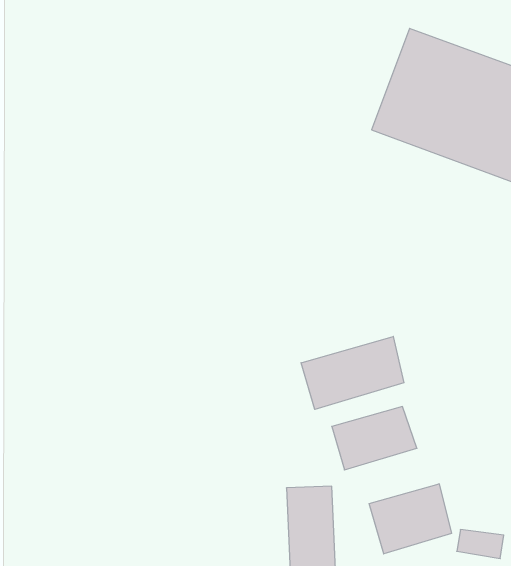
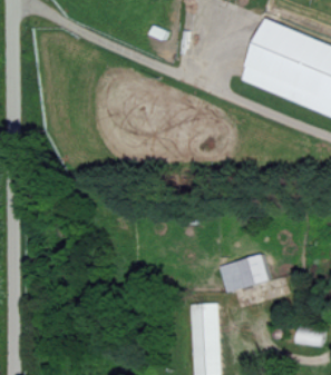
building: [301,336,404,409] -> none
building: [369,484,451,554] -> none

